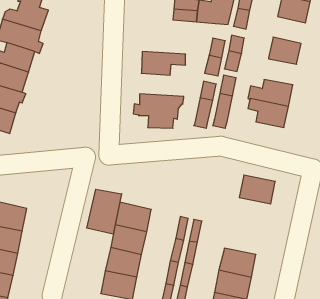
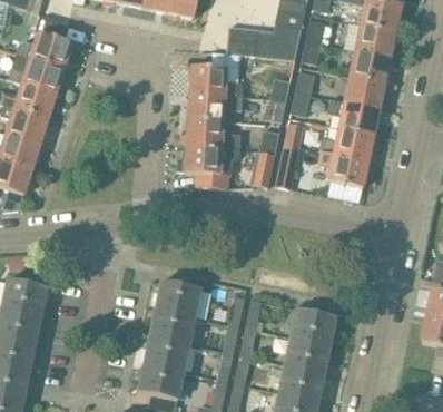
building: none -> [350,50,390,84]
building: none -> [188,66,243,97]
building: none -> [326,98,378,135]
building: none -> [185,120,239,149]
building: [239,175,275,204] -> [289,308,334,344]
building: [87,189,122,234] -> none

